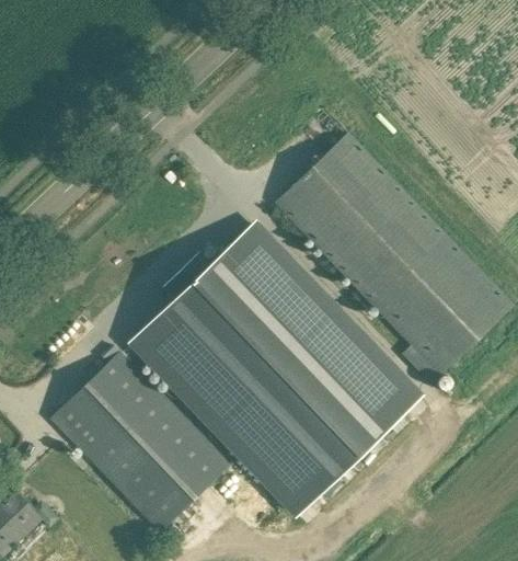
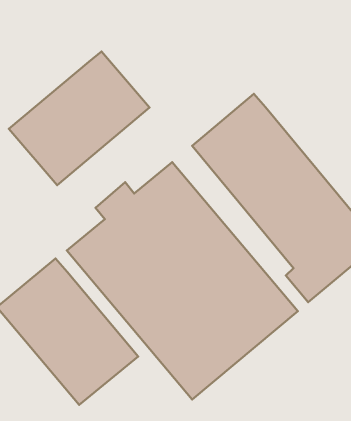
building: none -> [9,51,150,185]

